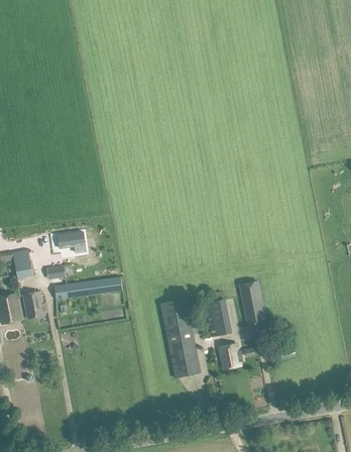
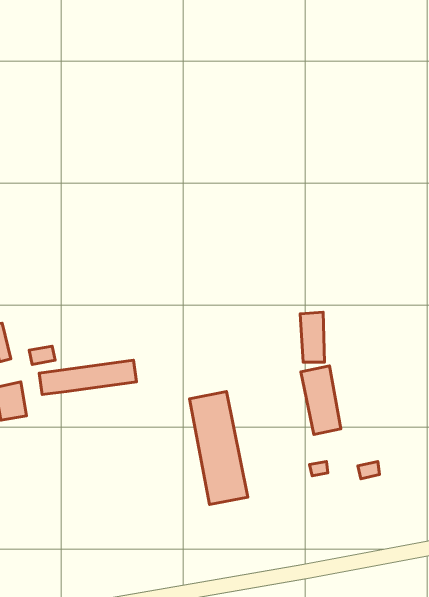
building: [56,226,85,247] -> none
building: [208,298,225,333] -> [300,312,325,362]
building: [220,343,240,368] -> none

